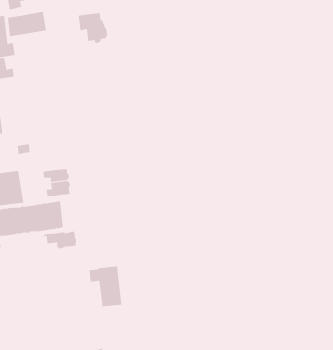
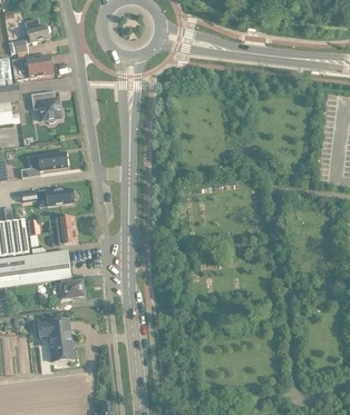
building: [78,12,108,44] -> [30,90,61,122]
building: none -> [20,151,67,177]
building: none -> [38,188,75,206]
building: [89,266,122,307] -> [38,318,72,360]

